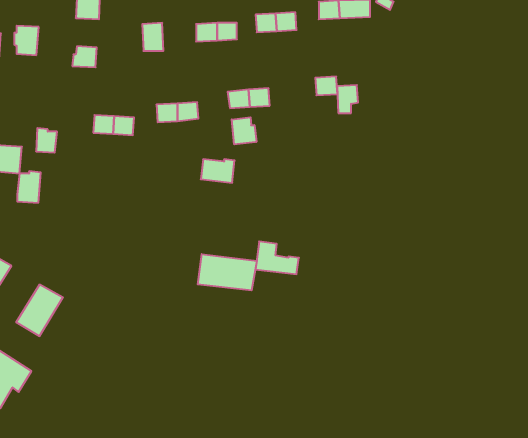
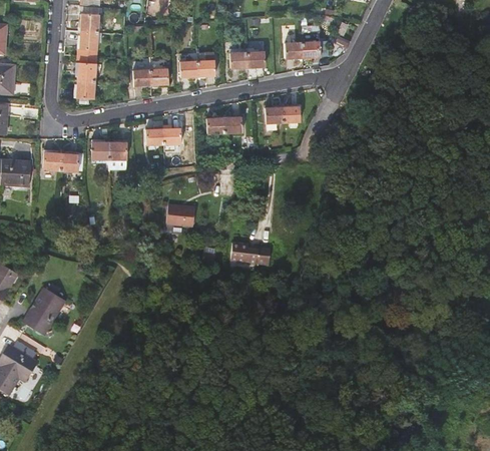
building: none -> [151,57,169,83]
building: [14,26,39,55] -> [76,55,97,80]
building: [337,85,358,113] -> [266,106,284,130]
building: [232,117,256,144] -> none
building: [201,159,235,183] -> [167,207,196,228]
building: [17,171,41,203] -> [59,150,79,177]
building: [198,254,257,290] -> none

